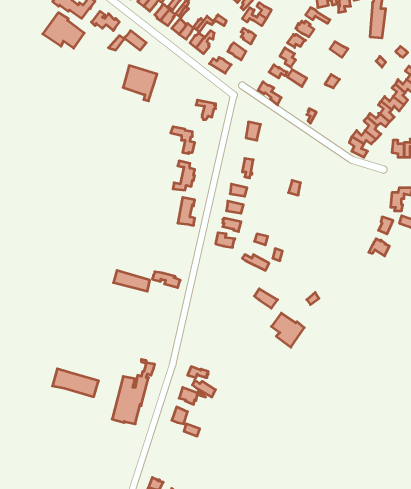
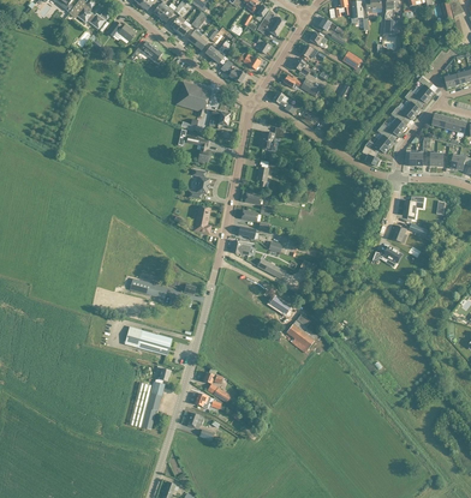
building: [43,13,84,48] -> none
building: [123,66,157,101] -> [177,82,210,116]
building: [52,369,99,397] -> [125,326,171,354]

